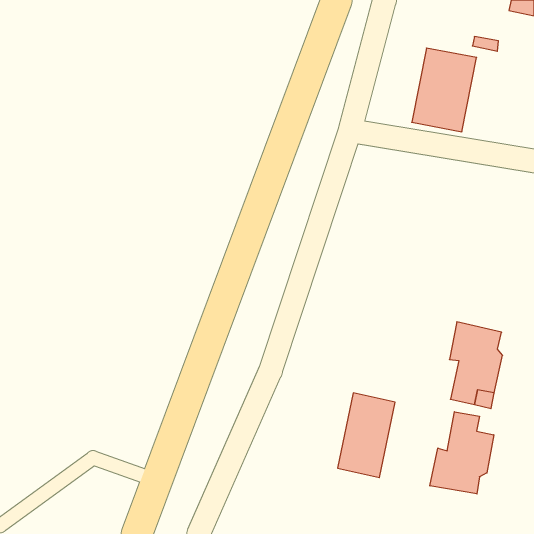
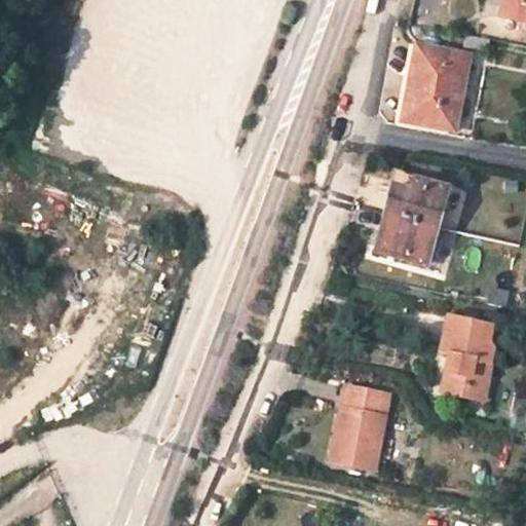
building: none -> [378,176,448,264]
building: [430,412,494,494] -> none

